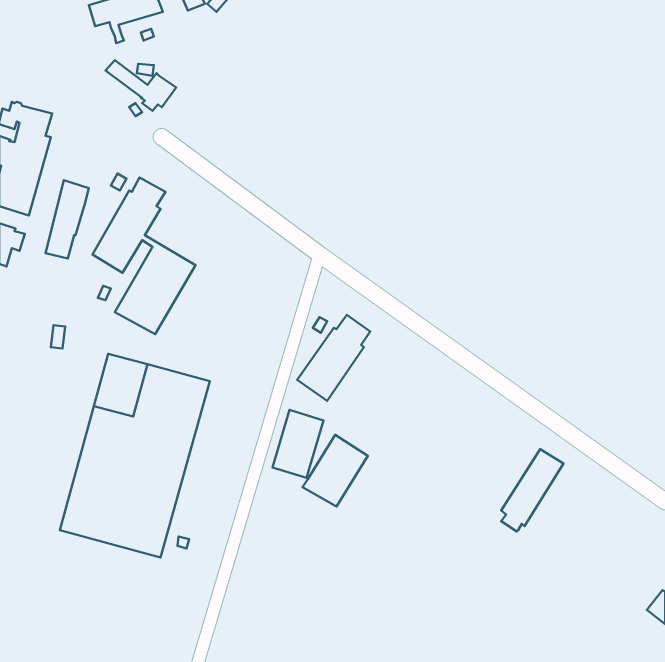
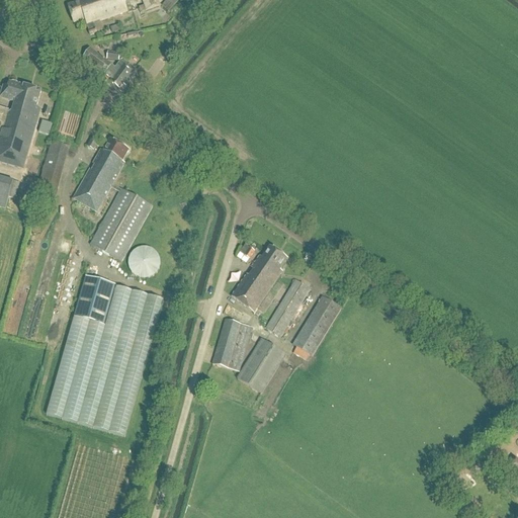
building: none -> [127,245,160,276]
building: none -> [264,278,310,336]
building: [501,449,564,532] -> [292,295,341,359]

